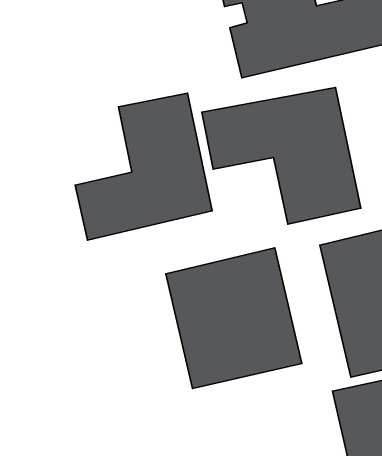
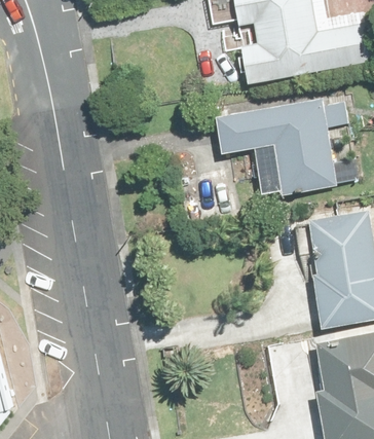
building: [75,93,212,240] -> none
building: [166,248,302,389] -> none

